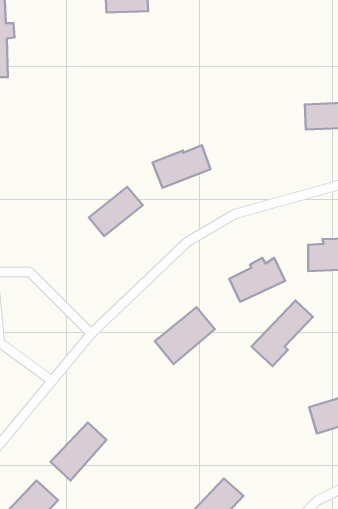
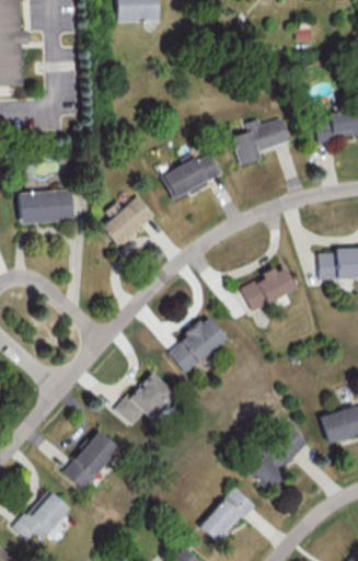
building: none -> [232,118,291,165]
building: none -> [19,191,73,224]
building: [252,300,313,366] -> [247,426,309,492]
building: none -> [115,371,173,426]

